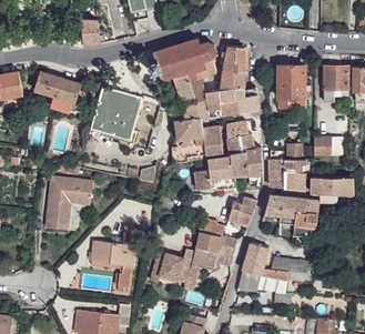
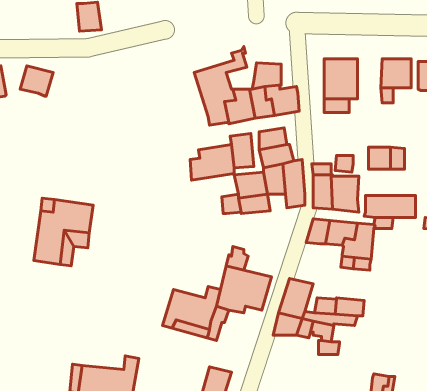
building: [148,38,216,80] -> none
building: [220,45,245,70] -> none
building: [52,77,88,111] -> none
building: [90,85,142,139] -> none
building: [175,117,204,139] -> none
building: [229,196,256,224] -> none
building: [91,227,140,284] -> none

